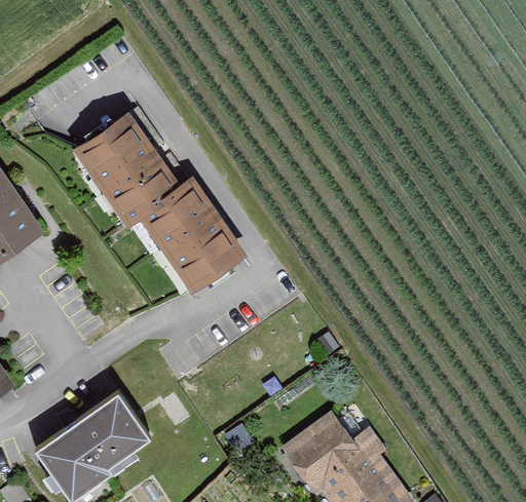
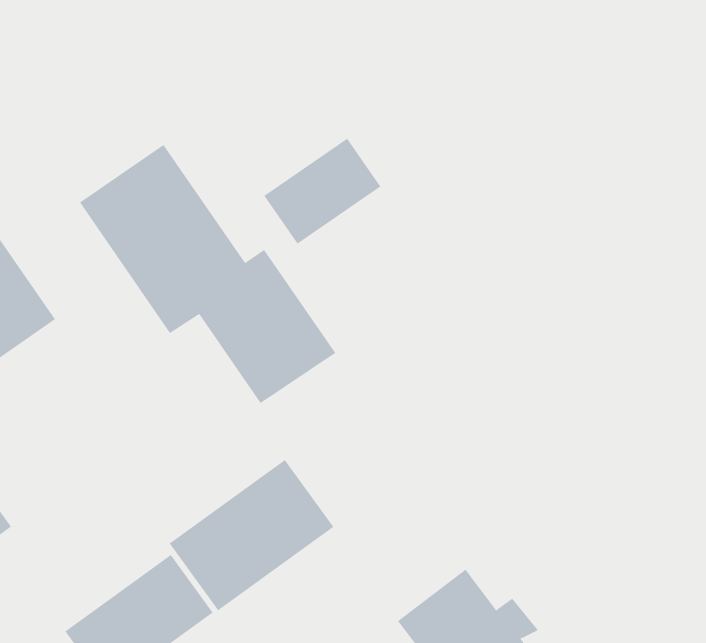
building: none -> [264,138,381,245]
building: none -> [169,459,334,611]

